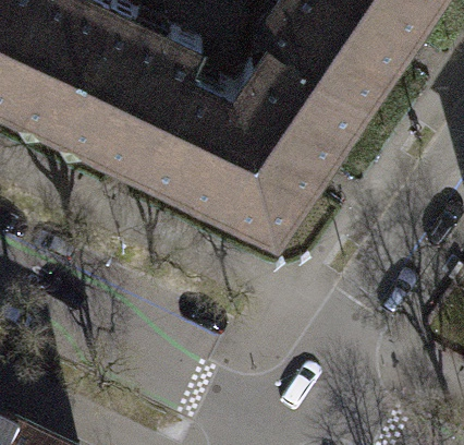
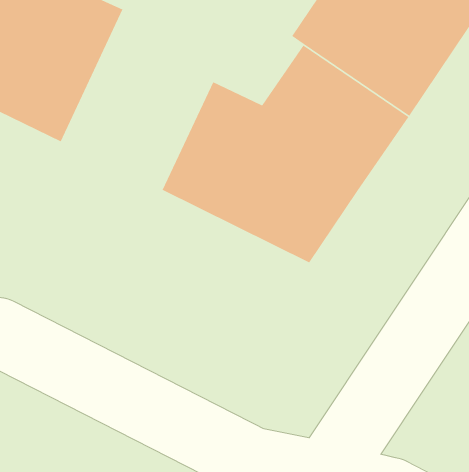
building: [59,10,204,171] -> none

